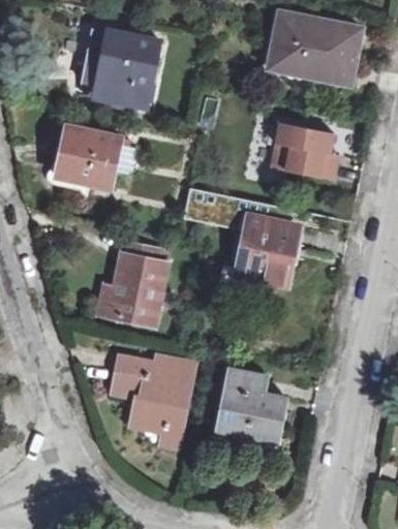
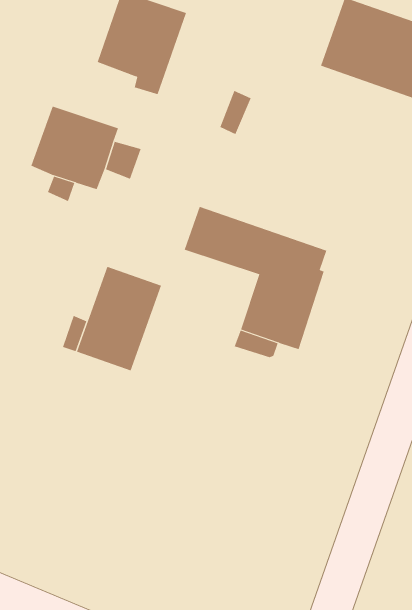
building: [271,123,338,181] -> none
building: [114,357,195,447] -> none
building: [218,371,284,441] -> none

